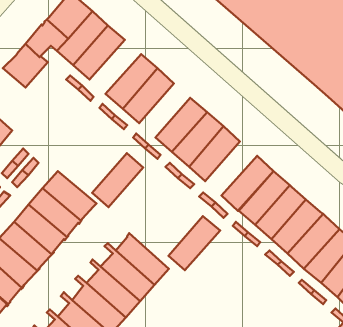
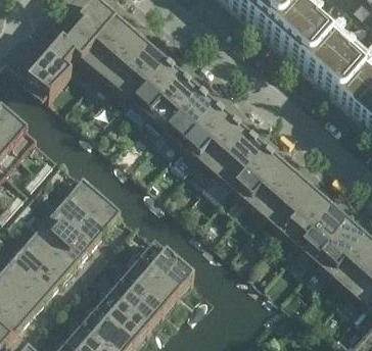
building: none -> [113,44,166,98]
building: [92,153,143,207] -> [164,88,215,142]
building: [168,216,220,270] -> [230,146,282,200]

